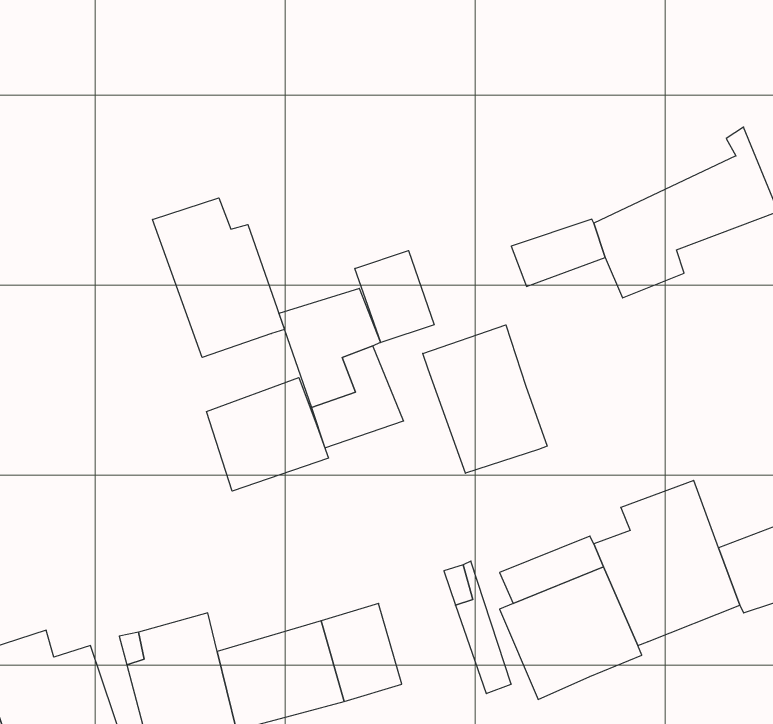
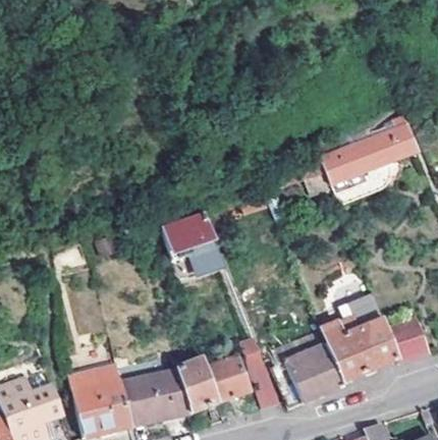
building: [153,198,284,357] -> none
building: [355,251,434,343] -> none
building: [423,325,547,473] -> none
building: [206,378,329,491] -> none
building: none -> [207,350,251,402]

